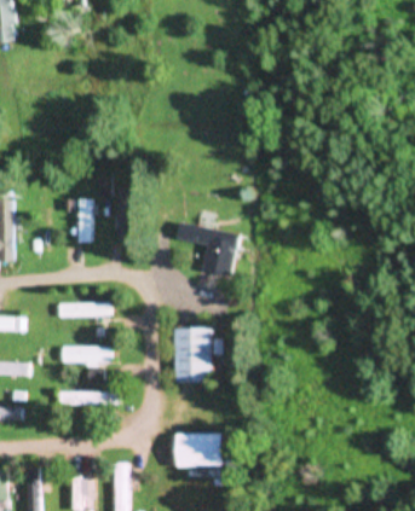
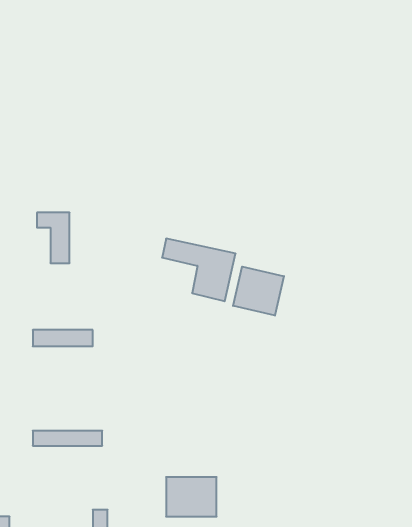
building: none -> [233,267,284,316]
building: [177,327,213,382] -> none
building: [64,345,116,364] -> none

